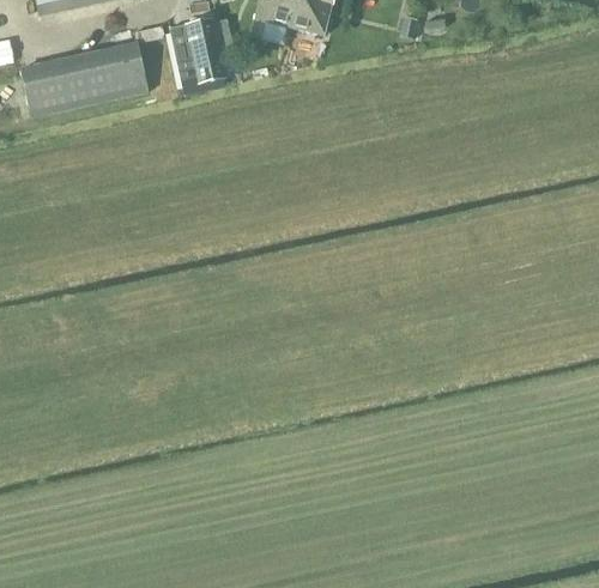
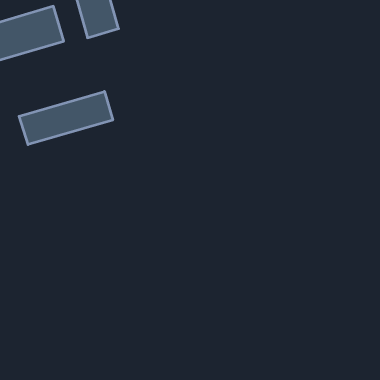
building: none -> [19,91,113,145]

